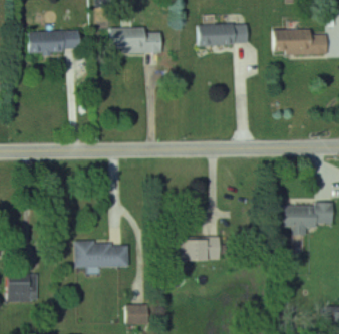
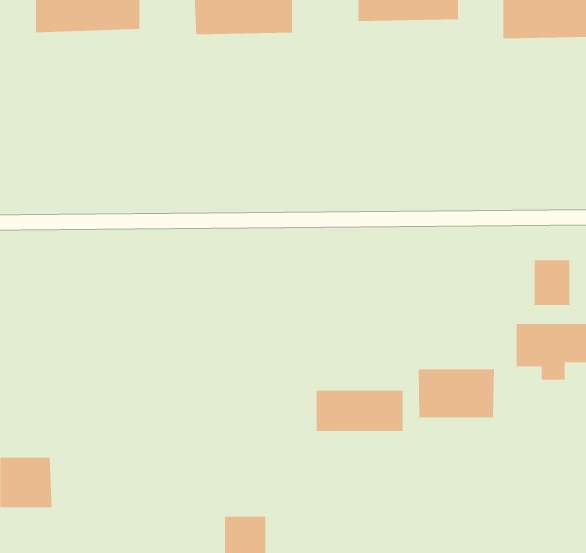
building: none -> [534,260,570,306]
building: none -> [418,369,495,418]
building: [74,243,128,267] -> none

